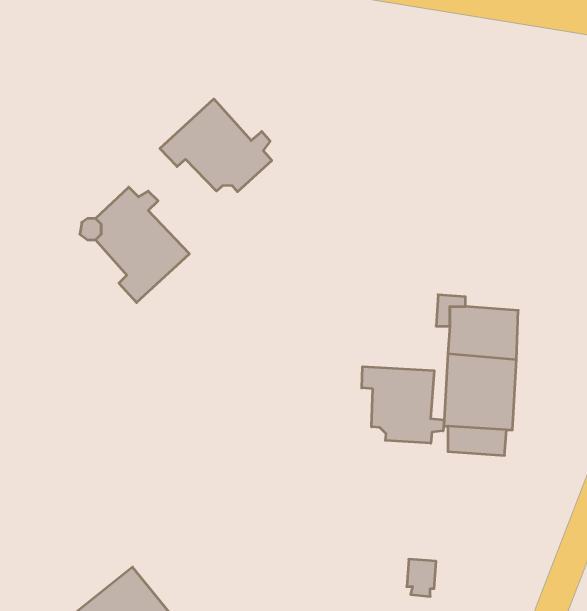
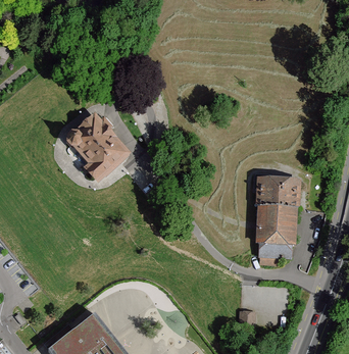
building: [160,99,272,192] -> none
building: [362,367,444,443] -> none

